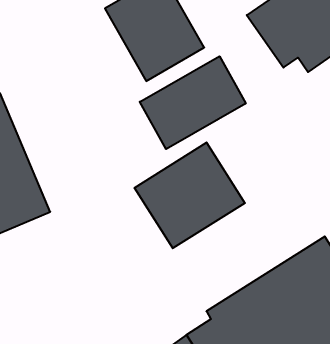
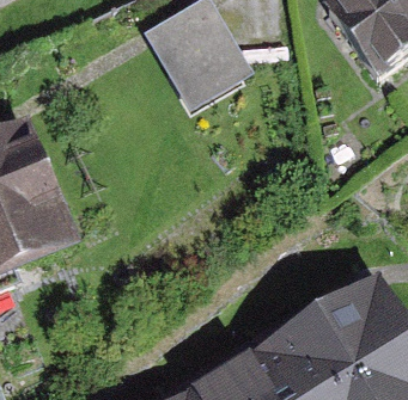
building: [140,56,246,149] -> none
building: [135,142,245,248] -> none

